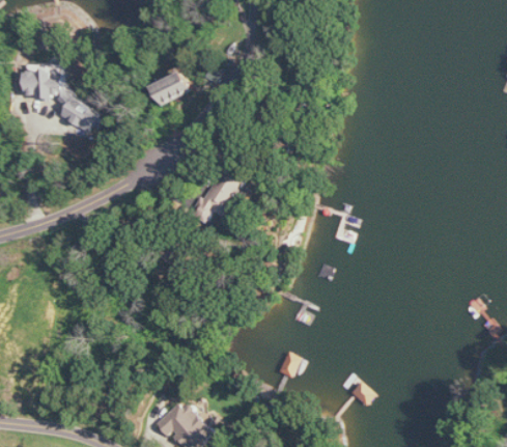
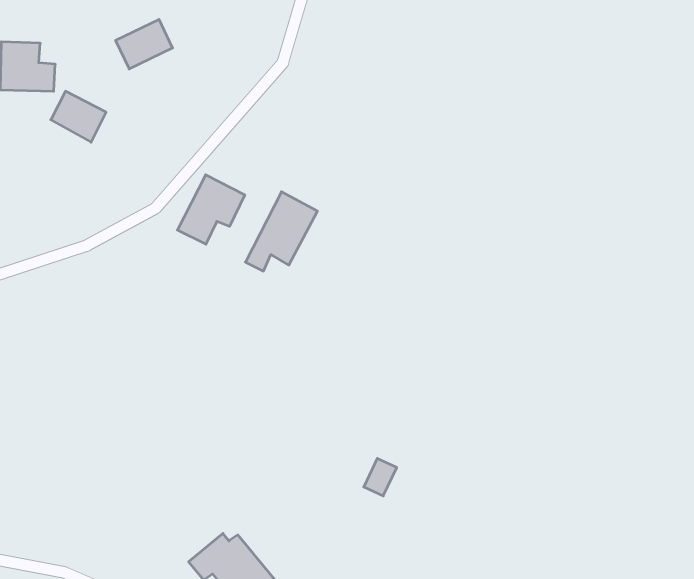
building: [149,72,189,106] -> [116,19,173,69]
building: none -> [177,175,245,244]

